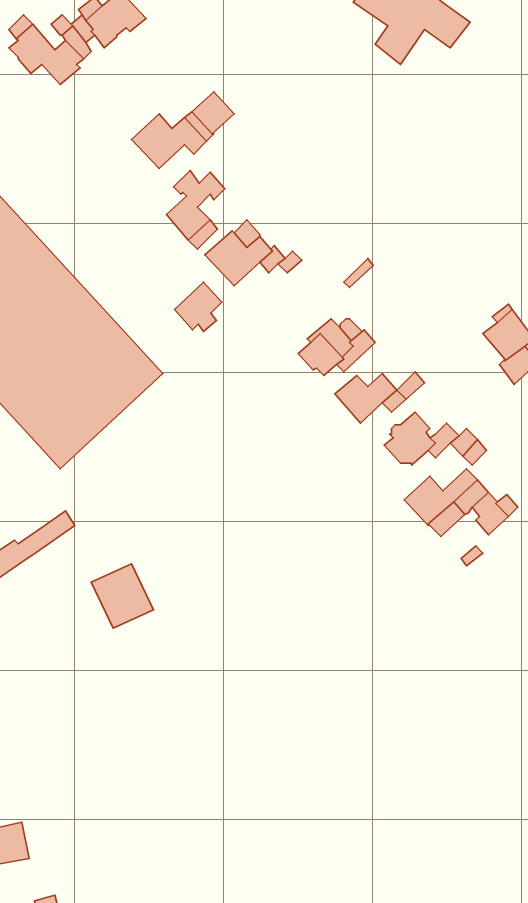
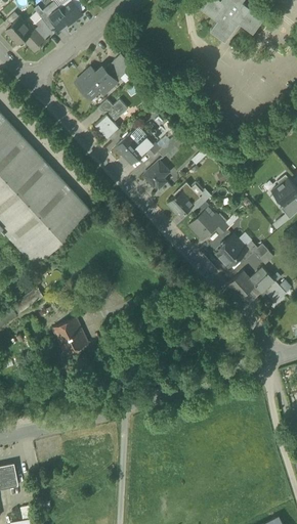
building: [174,282,222,332] -> [141,161,168,188]

